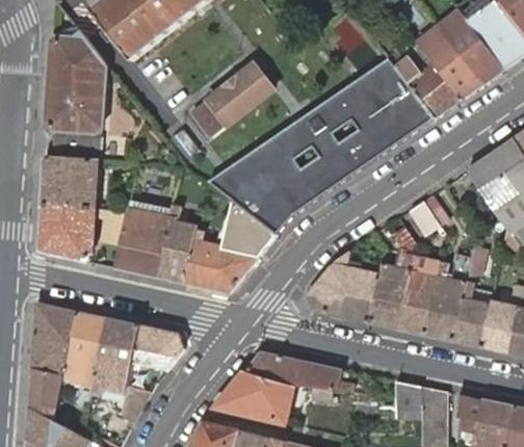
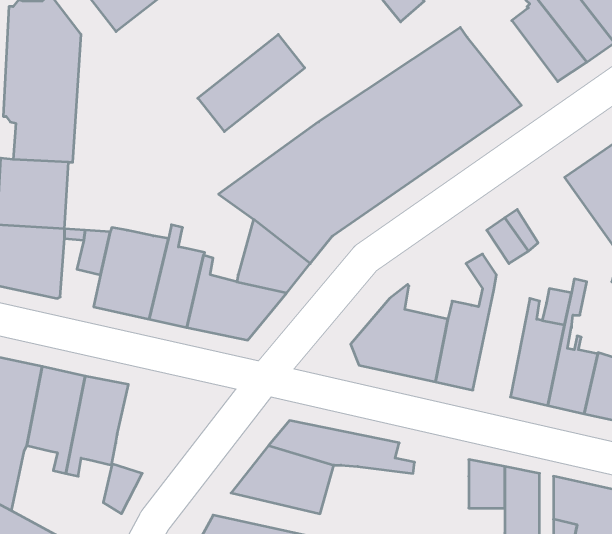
building: [387,48,462,115] -> none
building: [398,254,441,334] -> none
building: [131,324,184,369] -> none

